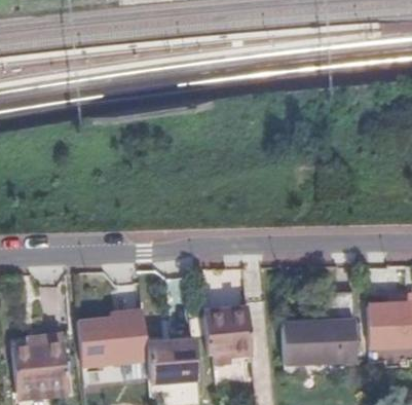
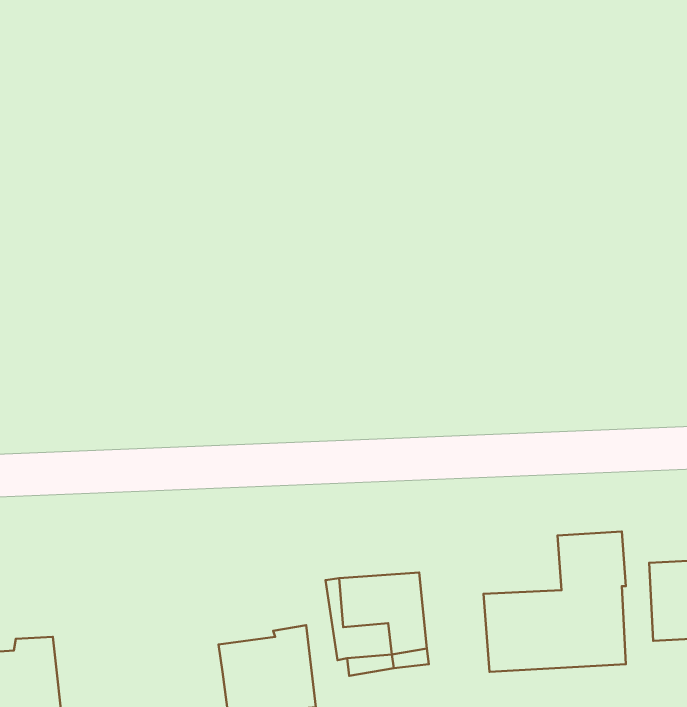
building: [78,311,147,369] -> none

